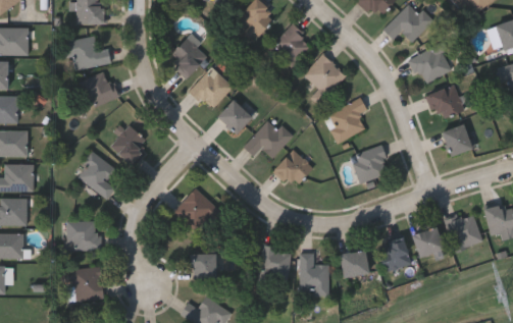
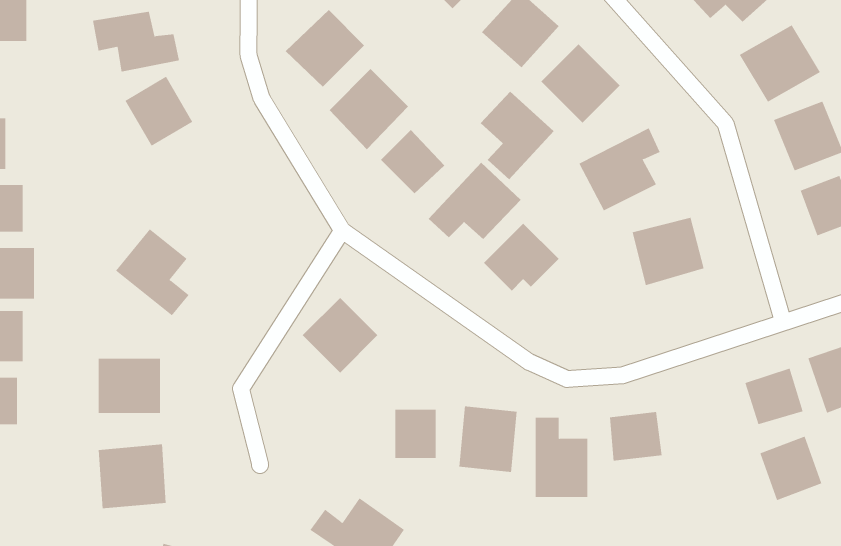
building: none -> [480,91,555,180]
building: [109,125,143,165] -> none
building: [377,238,411,273] -> [759,436,822,501]
building: [192,254,214,280] -> [395,409,436,459]

